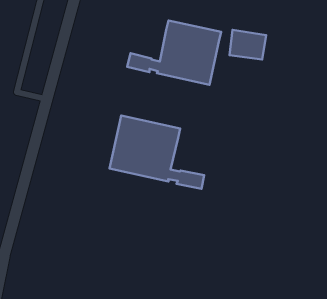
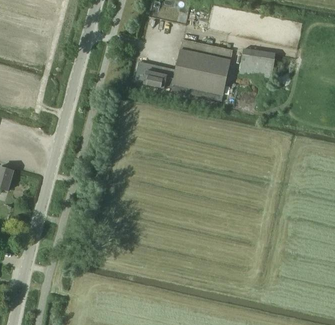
building: [109,115,204,189] -> none

